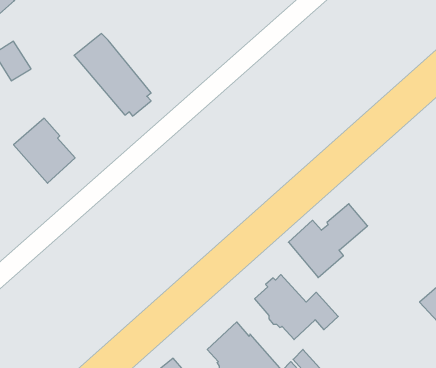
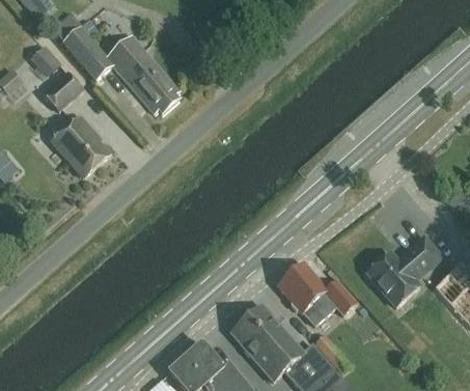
building: none -> [61,18,112,79]
building: none -> [42,72,81,110]
building: [288,204,368,278] -> [367,236,442,306]

